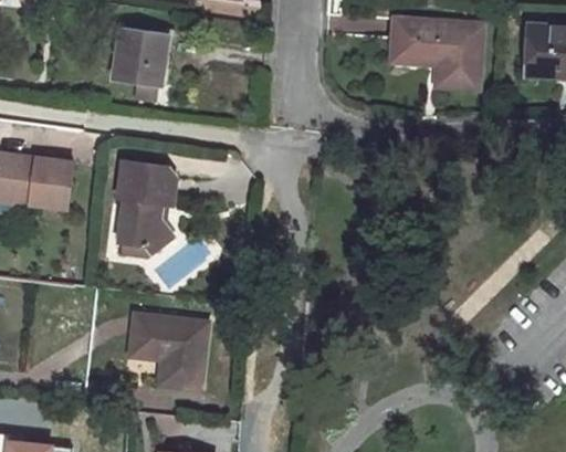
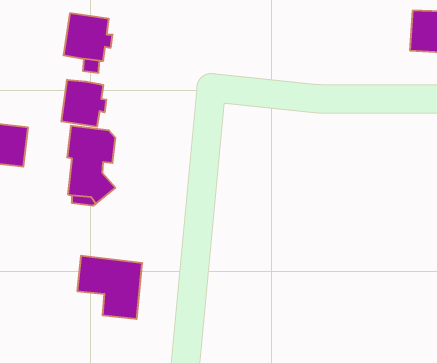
building: [390,18,482,90] -> none
building: none -> [62,80,106,127]

